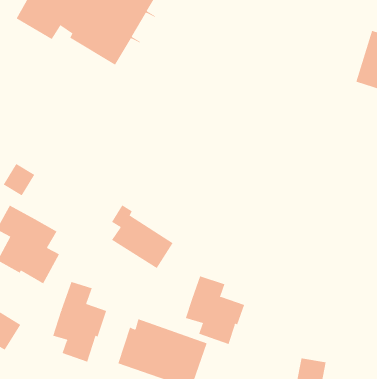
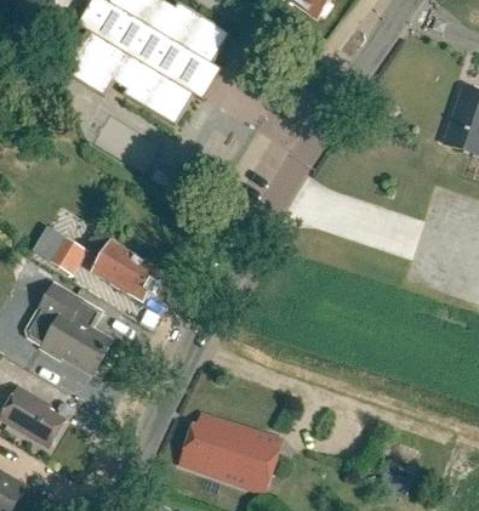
building: [111,205,173,269] -> [89,228,159,301]
building: [185,276,245,345] -> none
building: [52,281,107,363] -> none

